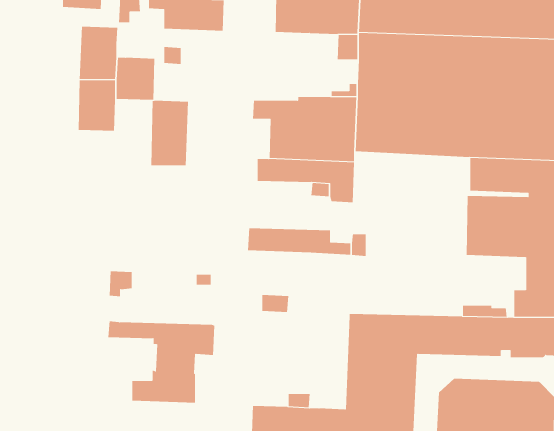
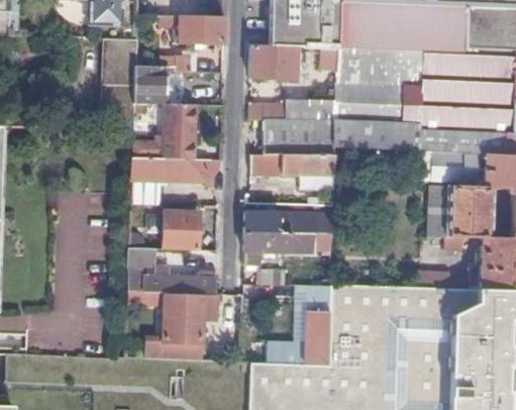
building: none -> [250,45,298,80]
building: none -> [130,159,221,204]
building: none -> [163,210,199,249]
building: none -> [244,230,299,263]
building: none -> [137,269,216,293]
building: none -> [306,285,331,365]

